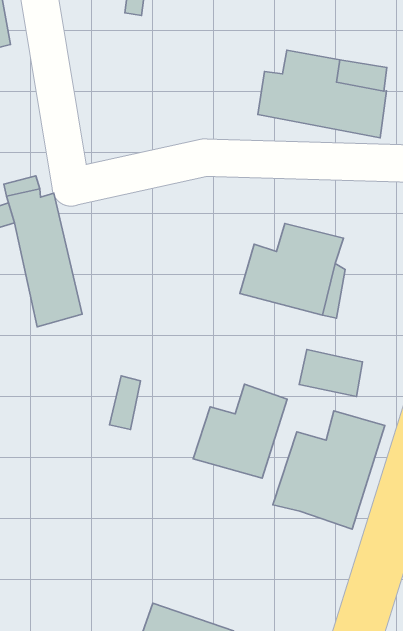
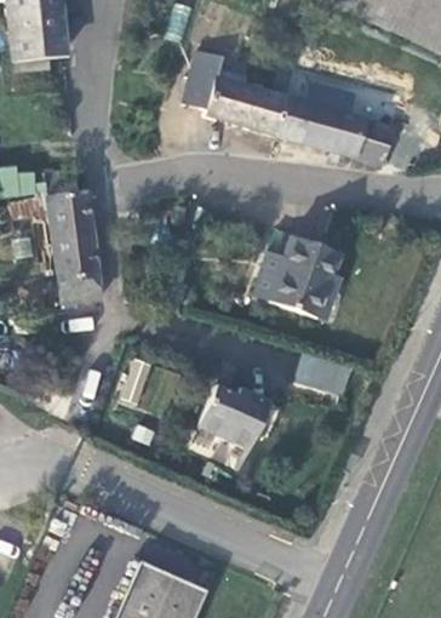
building: none -> [183,46,287,136]
building: [273,411,385,529] -> none

